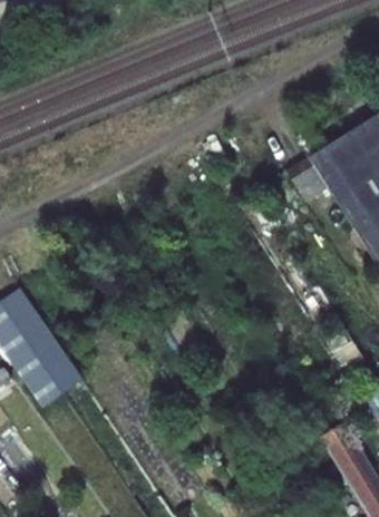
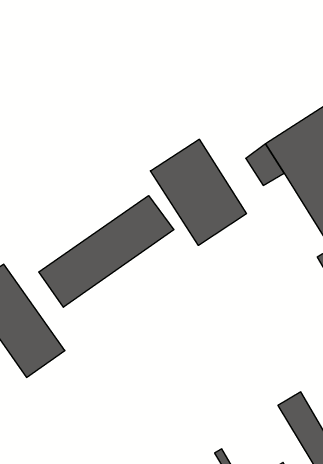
building: none -> [150,139,246,245]
building: none -> [39,196,174,307]

